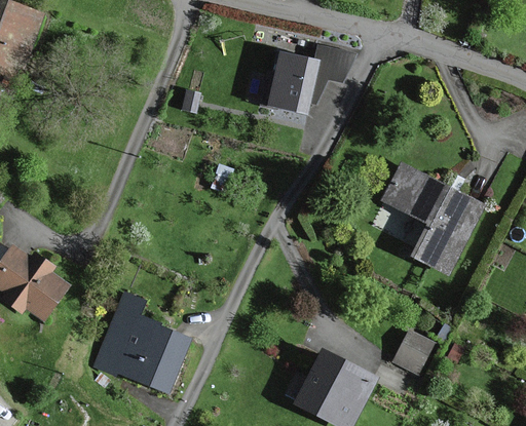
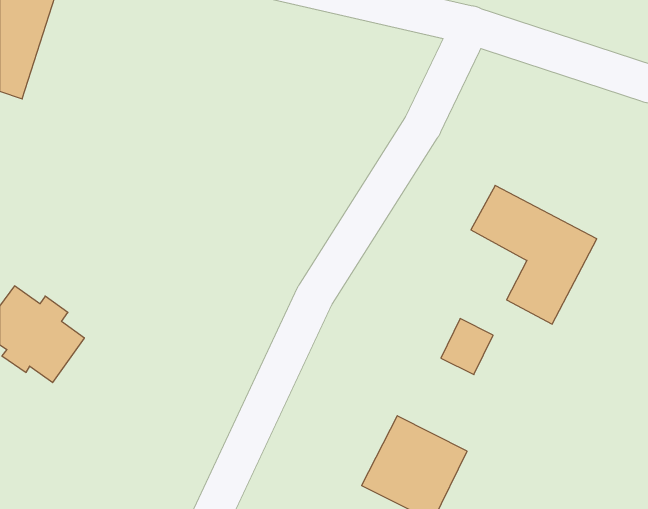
building: [272,44,353,110] -> none
building: [91,293,191,397] -> none
building: [390,331,433,376] -> [441,319,493,375]

